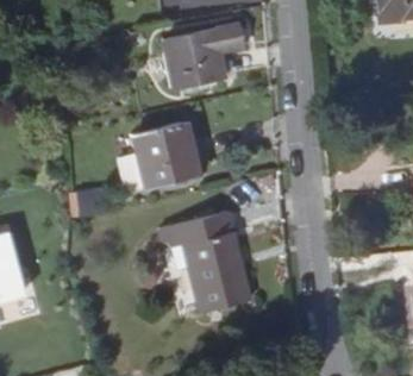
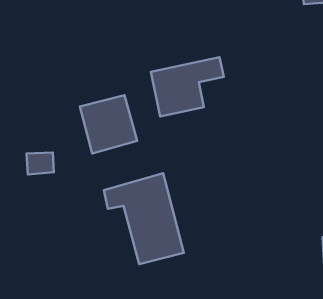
building: [165,23,249,90] -> [151,57,224,117]

